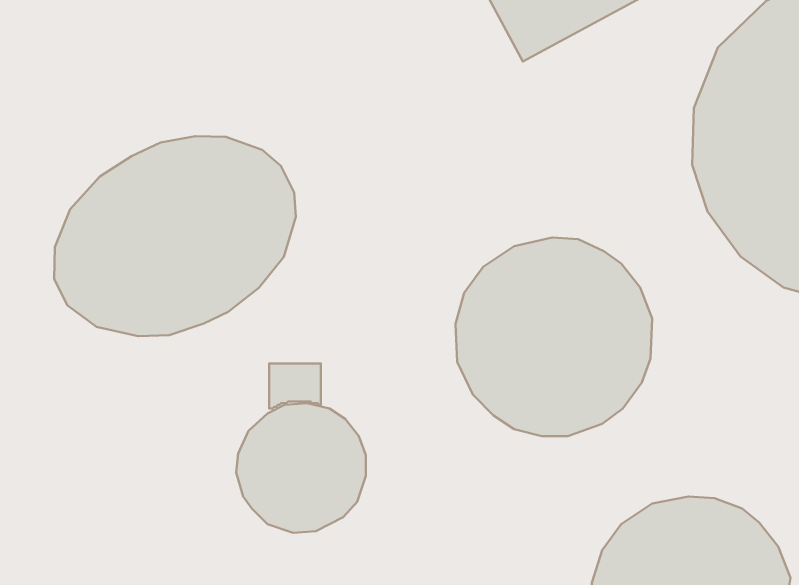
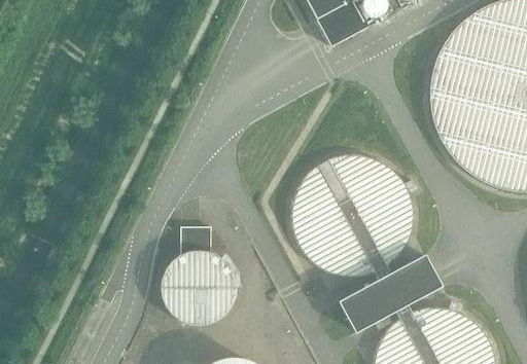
building: [54,136,296,336] -> none
building: none -> [339,254,443,333]

